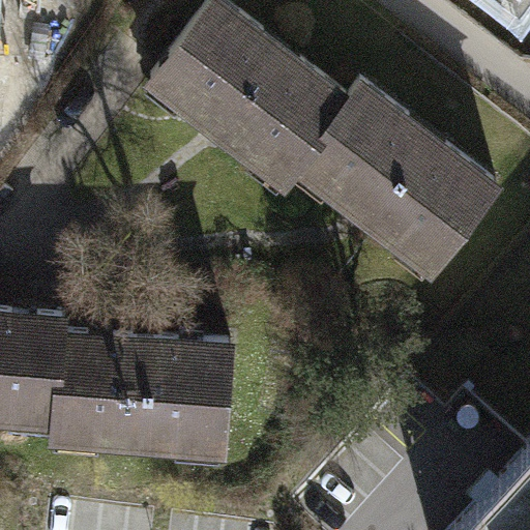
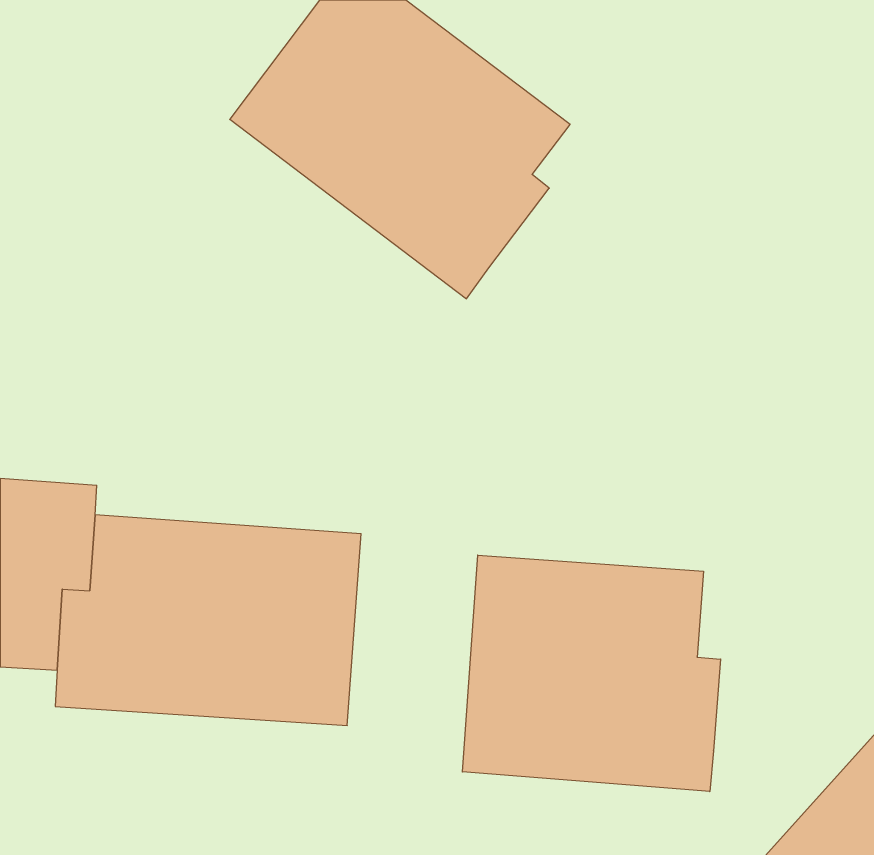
building: [298,76,498,274] -> none
building: none -> [462,555,721,792]

